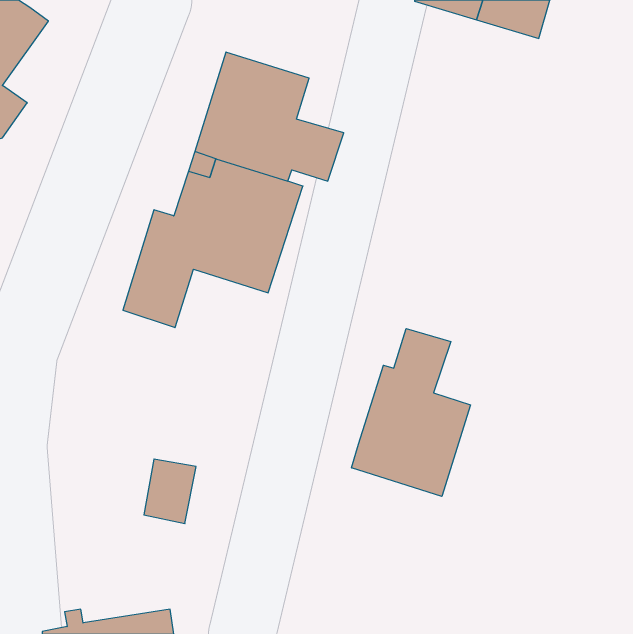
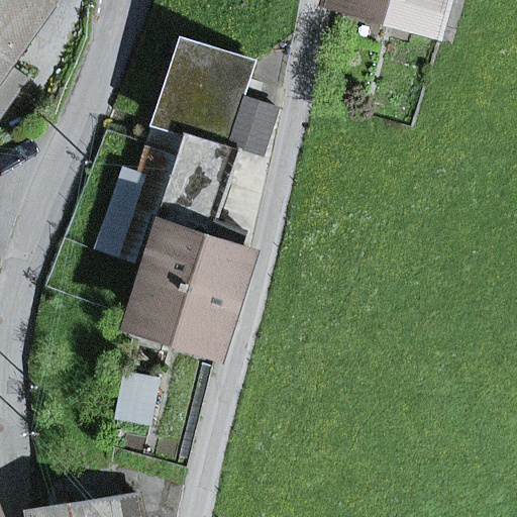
building: none -> [132,219,250,346]
building: [352,329,471,496] -> none

